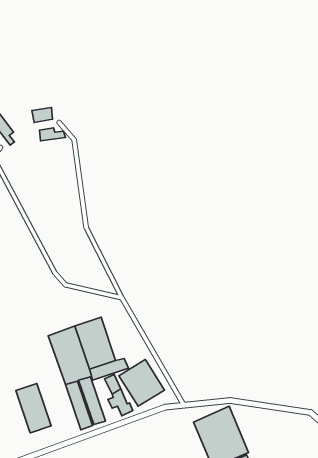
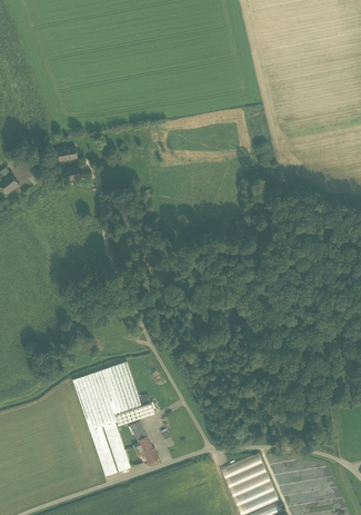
building: [119,360,164,406] -> none
building: [16,384,51,433] -> none

